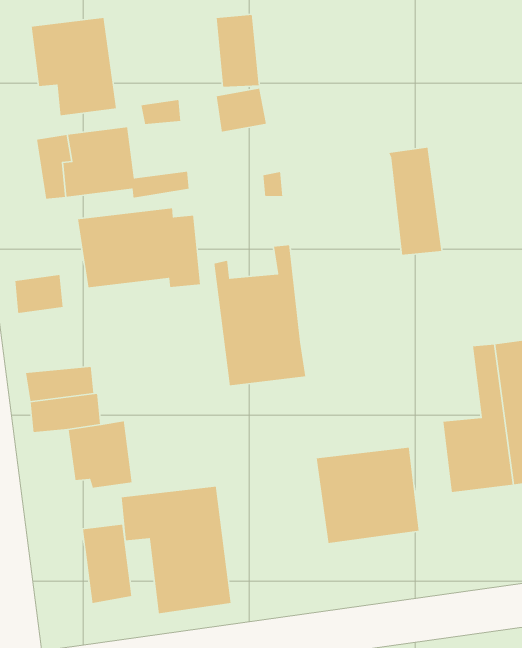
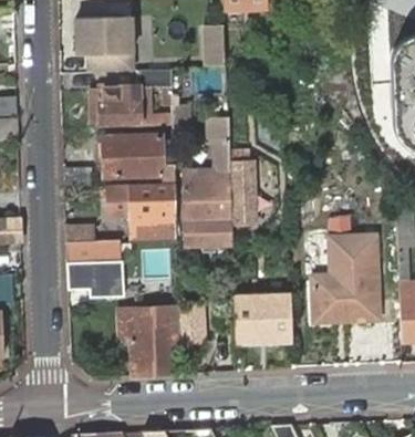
building: [388,147,442,255] -> [230,159,257,222]
building: none -> [110,187,174,226]
building: [82,524,132,604] -> none

